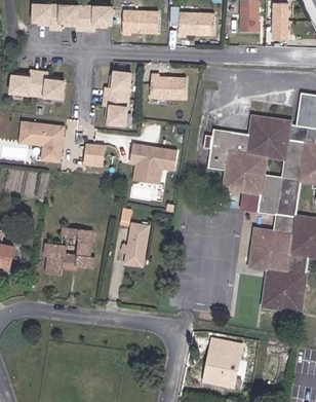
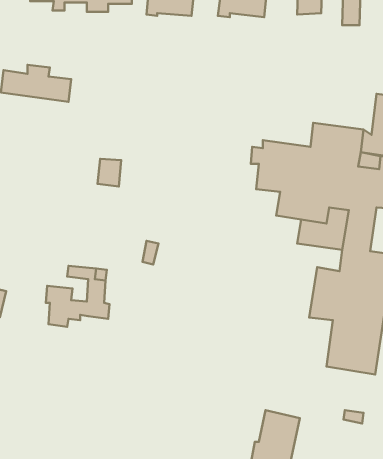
building: [103,73,130,129] -> none
building: [149,77,186,100] -> none
building: [18,121,64,161] -> none
building: [129,144,176,183] -> none
building: [124,223,149,266] -> none

